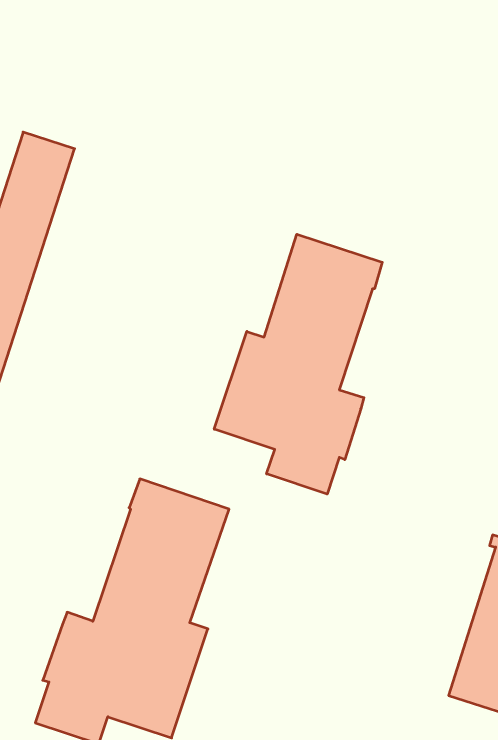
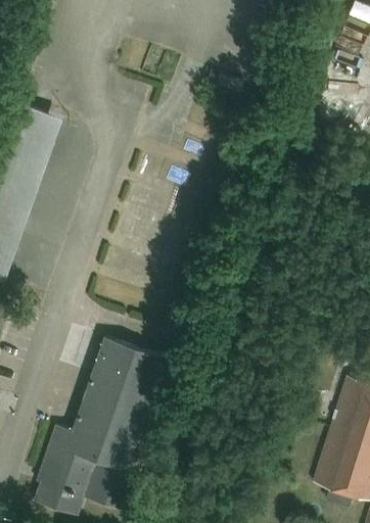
building: [214,234,382,494] -> none

